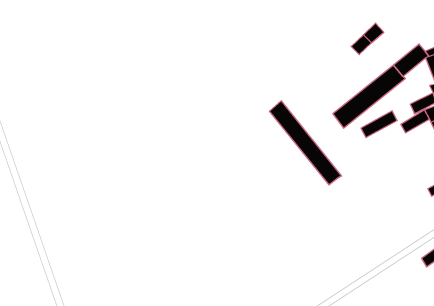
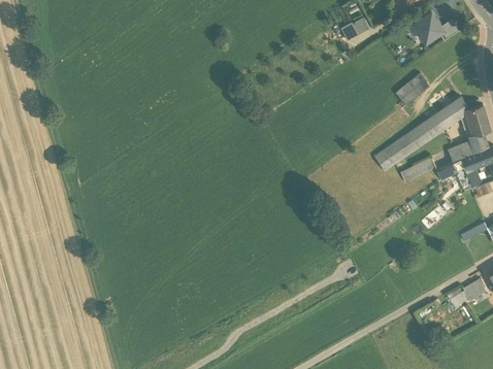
building: [270,101,342,185] -> none

